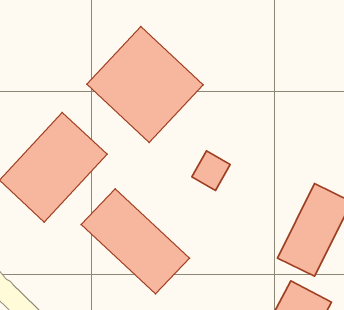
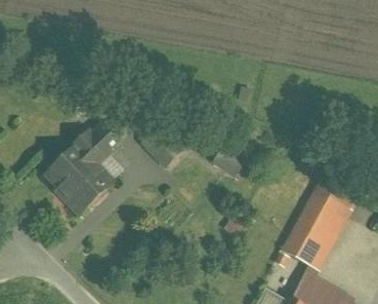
building: [87,27,203,142] -> none
building: [81,189,189,294] -> none

